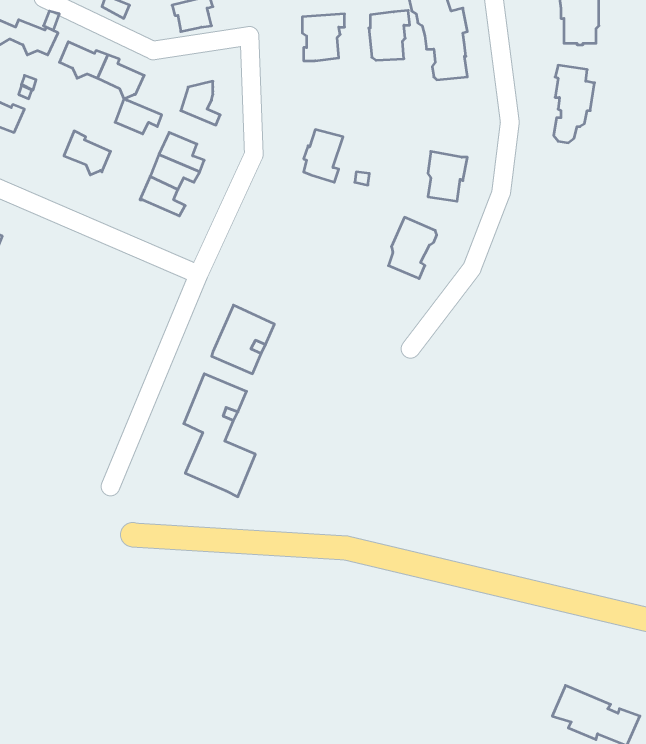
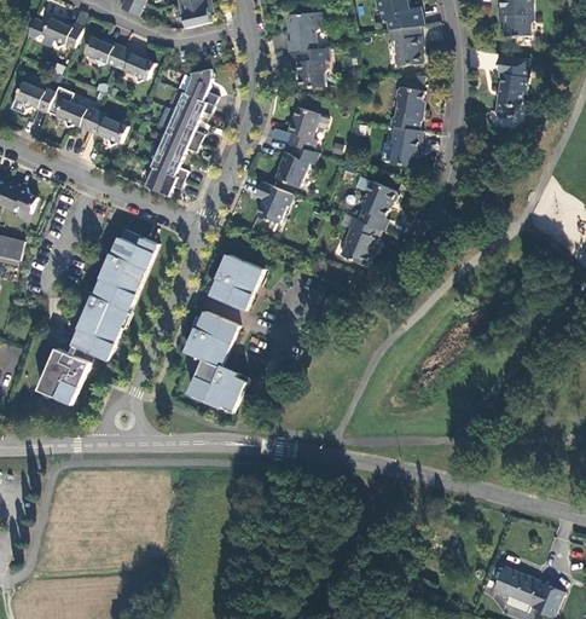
building: [369,10,410,60] -> [295,47,329,88]
building: [115,99,162,134] -> [175,91,214,120]
building: none -> [389,87,423,131]
building: none -> [56,98,97,129]
building: none -> [274,145,318,187]
building: none -> [145,166,184,195]
building: none -> [254,180,292,222]
building: none -> [340,216,379,265]
building: none -> [74,228,158,360]
building: none -> [42,347,91,404]

